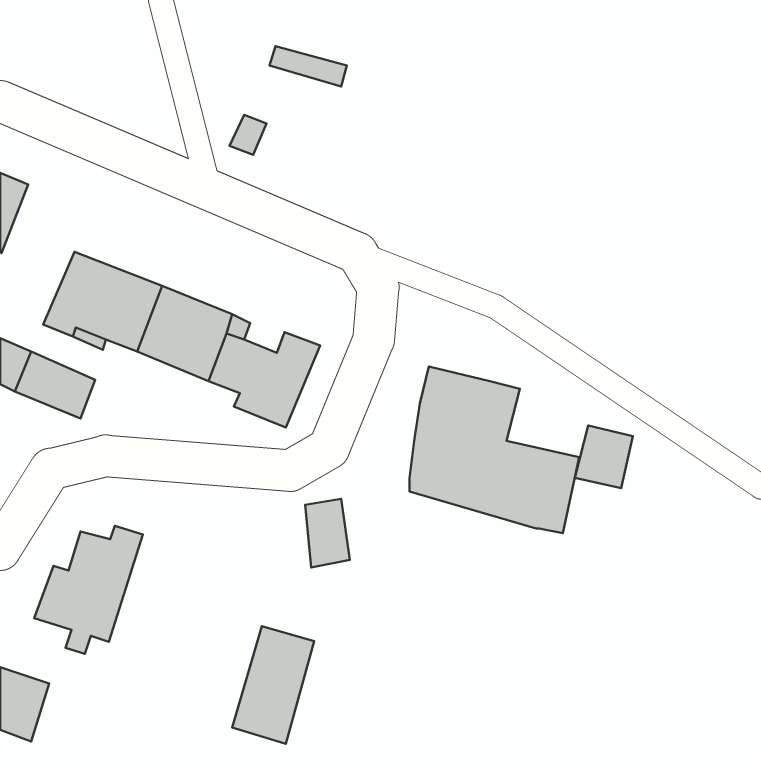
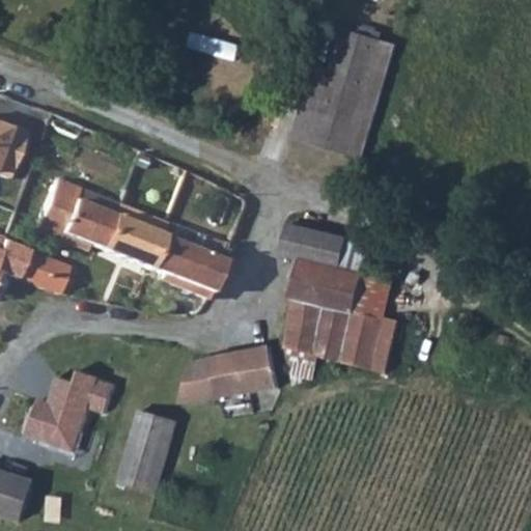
building: none -> [292,25,395,155]
building: none -> [279,221,348,268]
building: [575,426,633,488] -> [353,273,393,316]
building: none -> [237,344,276,392]
building: none -> [179,354,217,402]
building: [232,626,314,744] -> [119,410,176,492]

